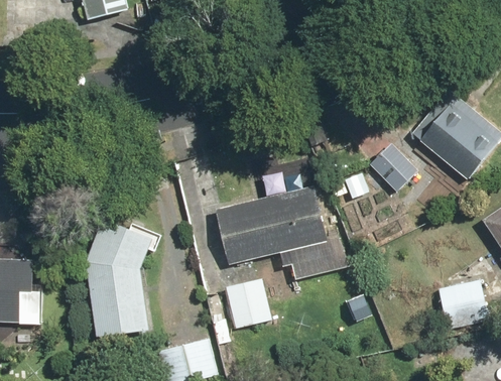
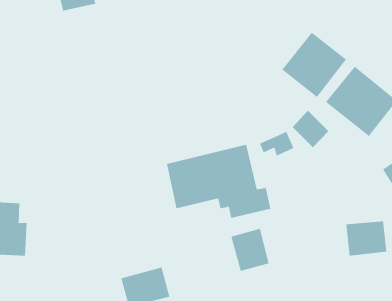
building: none -> [282,32,347,98]
building: [85,218,150,337] -> none
building: [224,275,272,329] -> [230,228,270,272]

